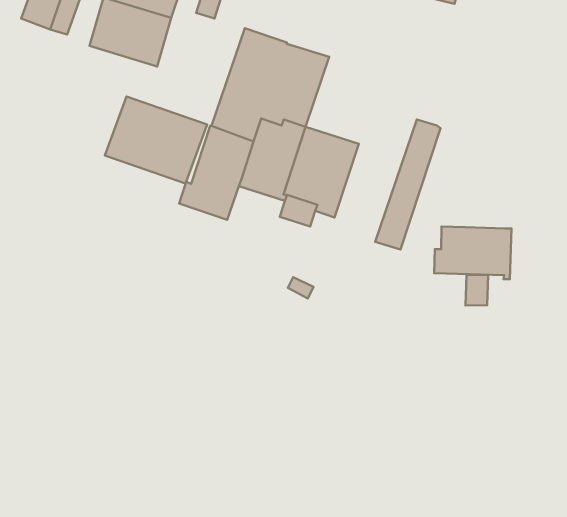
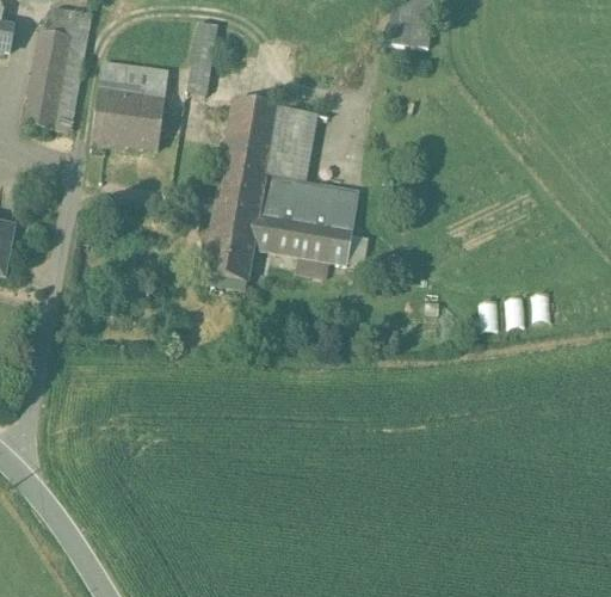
building: [105,97,207,184] -> none
building: [375,120,441,250] -> none
building: [434,227,512,279] -> none

